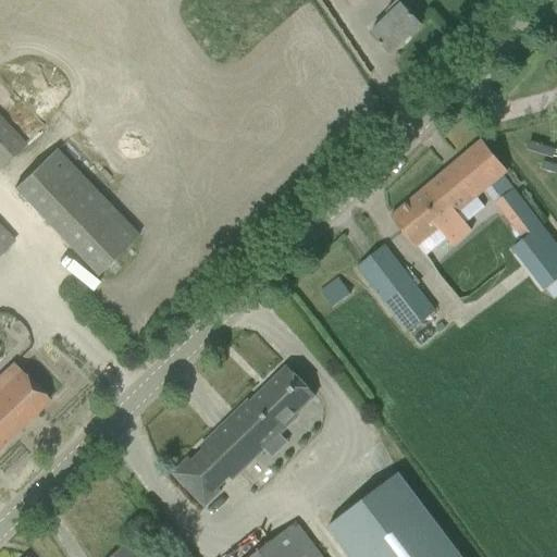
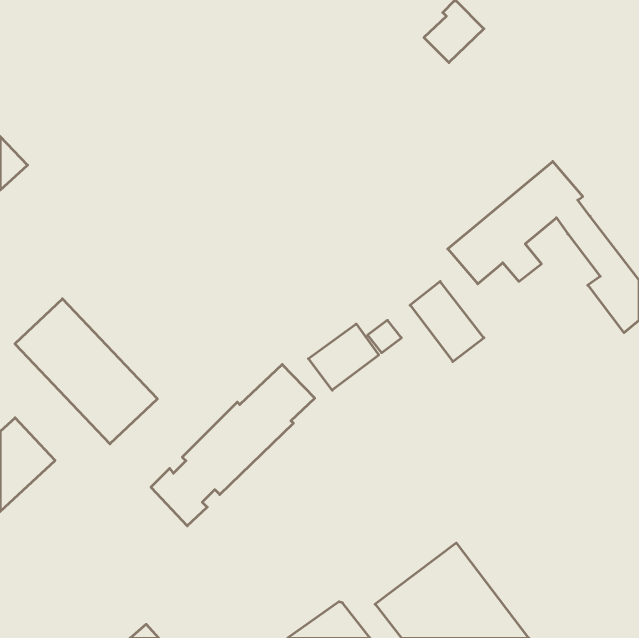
building: [13,149,137,275] -> [15,299,157,444]
building: none -> [308,324,379,390]
building: [394,294,434,333] -> none
building: [172,367,314,507] -> [151,364,315,526]

